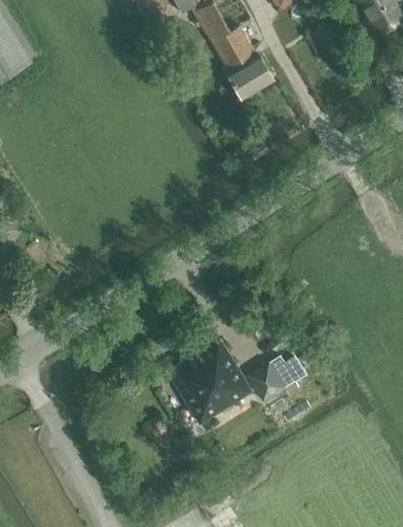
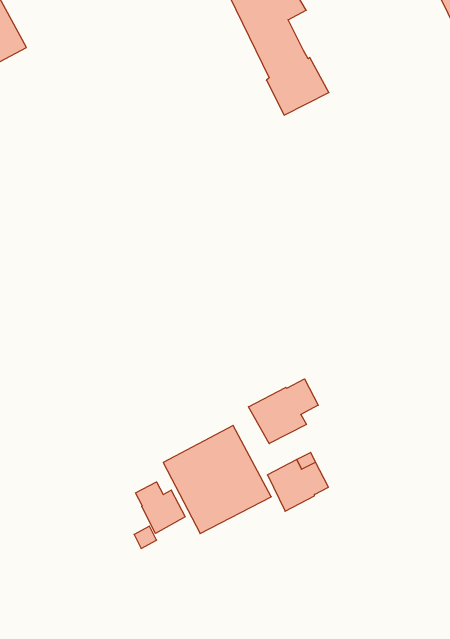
building: none -> [248,379,318,444]
building: none -> [136,482,185,533]

